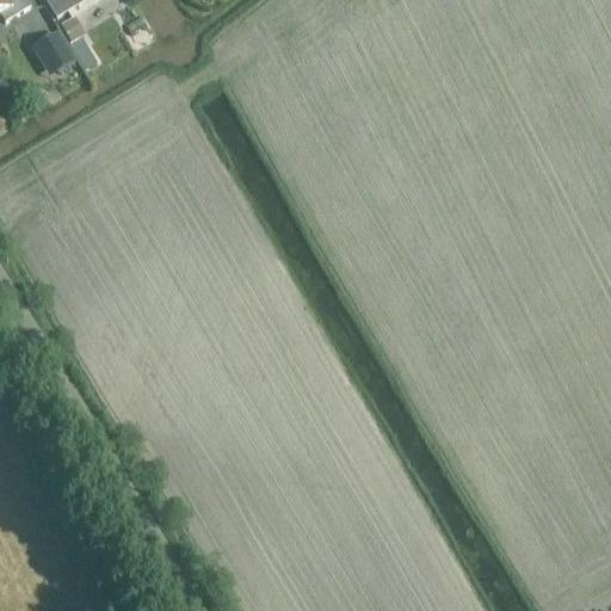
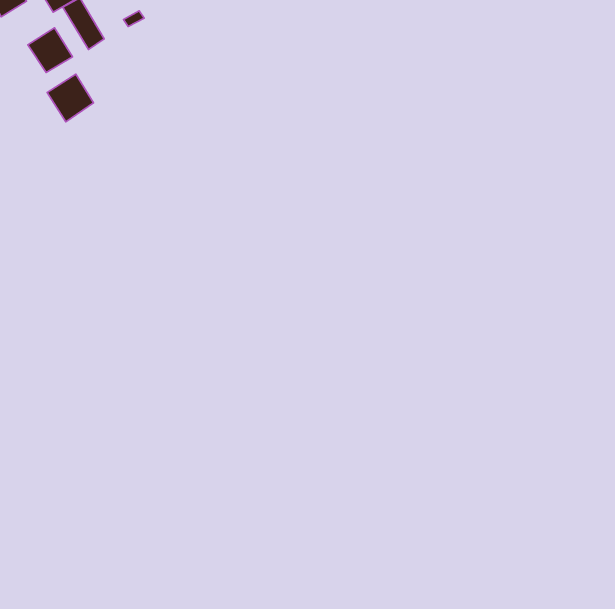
building: none -> [47,74,94,122]

